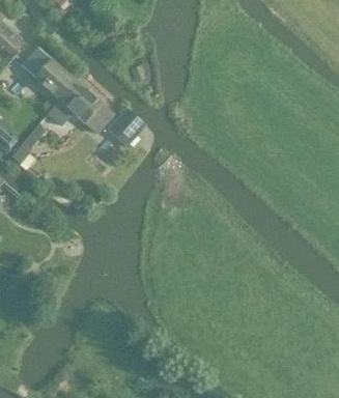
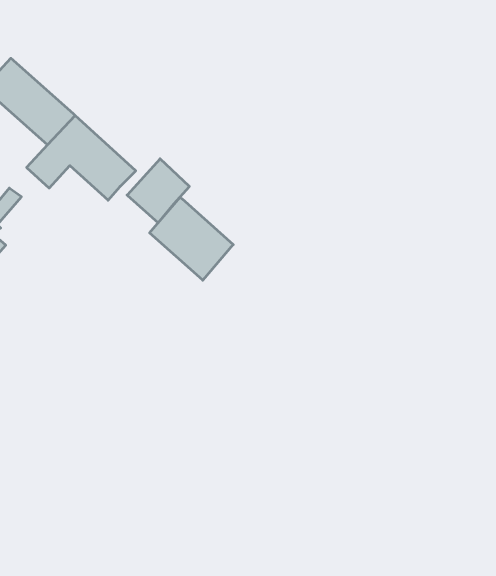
building: none -> [150,197,233,280]

